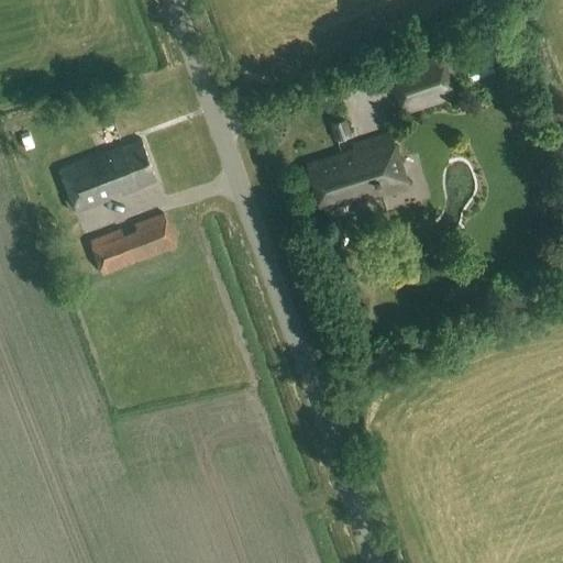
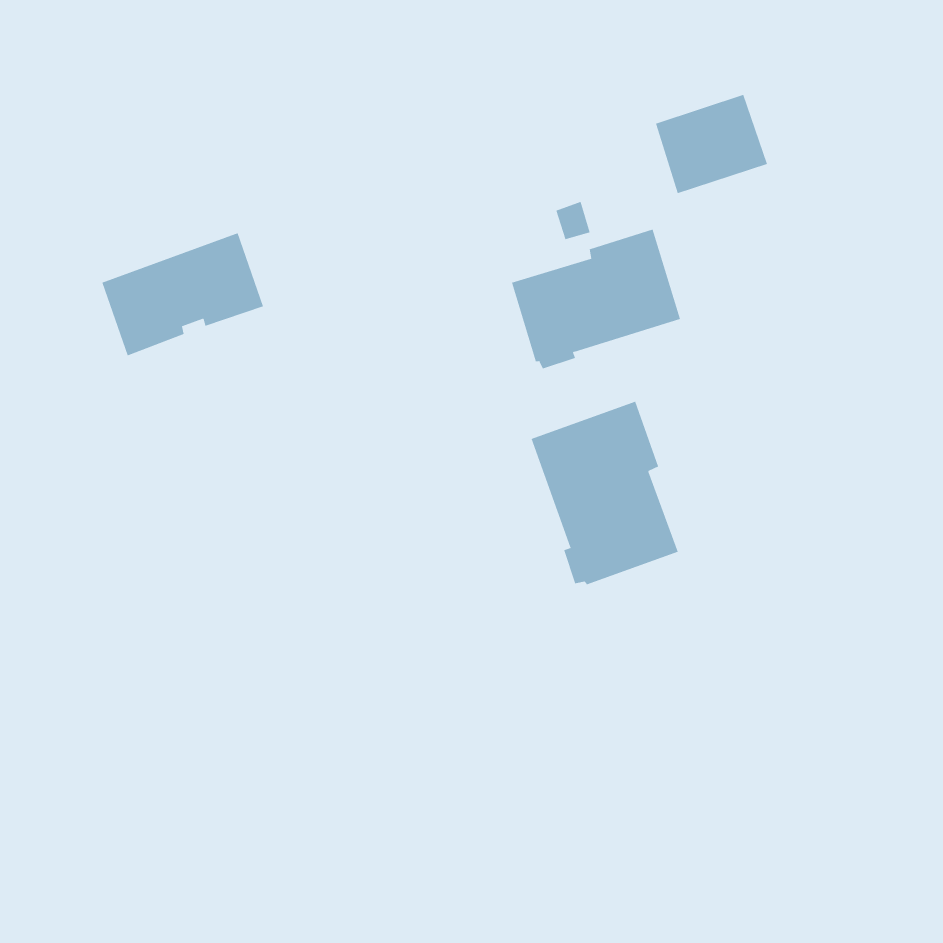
building: [90,213,175,273] -> none
building: none -> [531,401,679,585]

